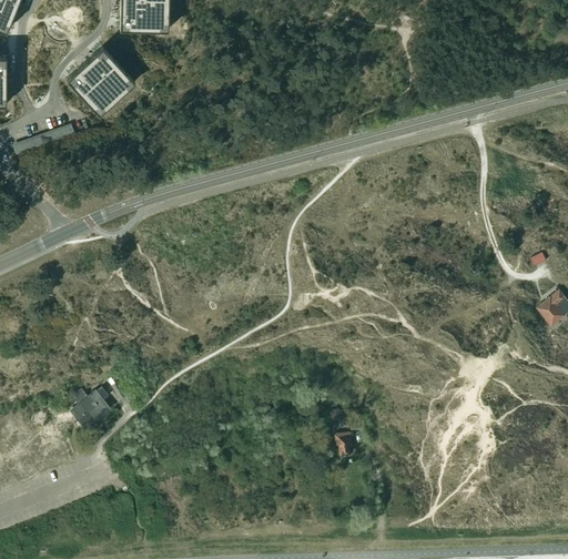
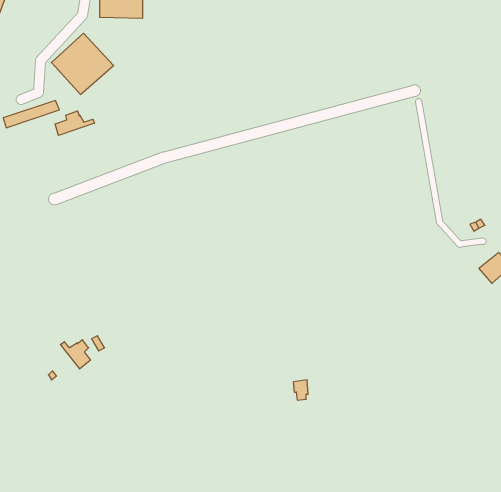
building: none -> [55,111,94,135]
building: [71,392,99,428] -> none

